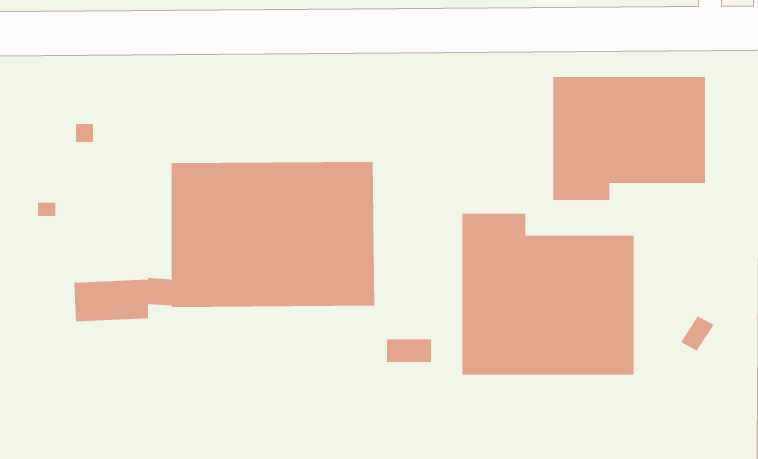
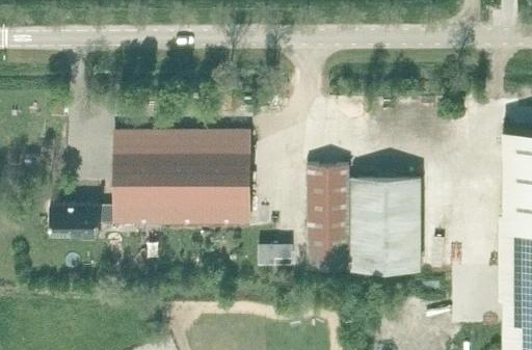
building: [553,76,705,201] -> none

